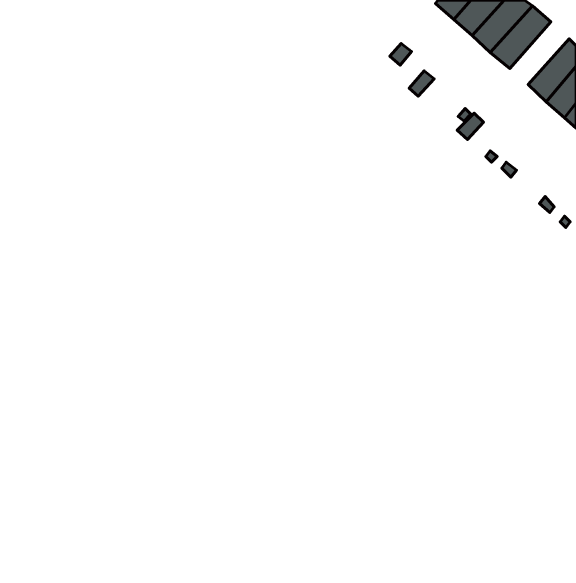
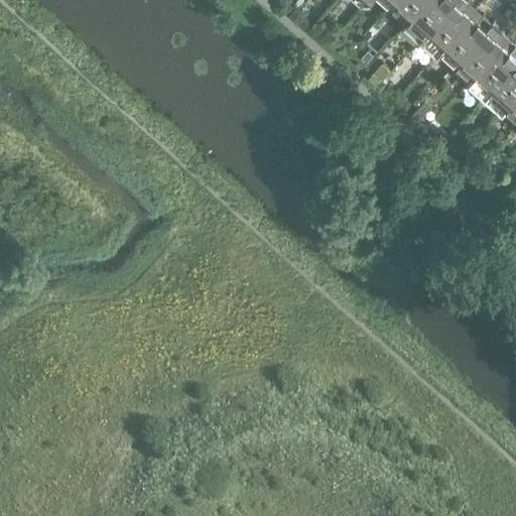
building: none -> [449,20,502,76]

